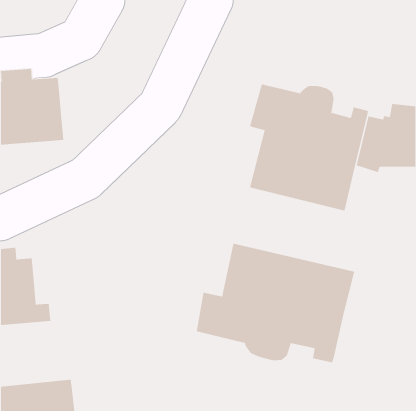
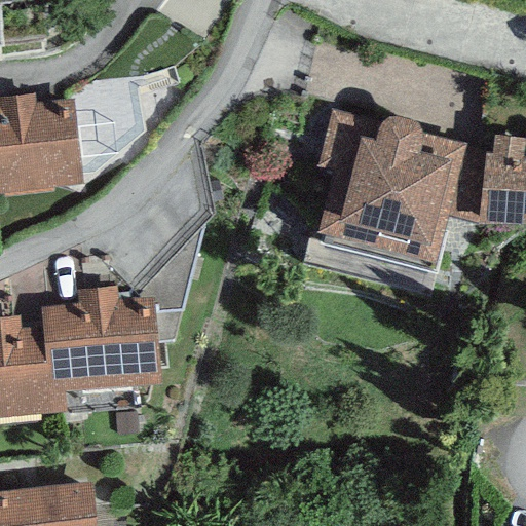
building: none -> [40,291,158,390]
building: [196,243,355,363] -> none

